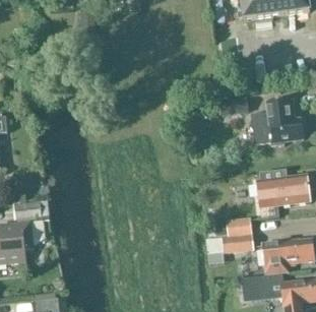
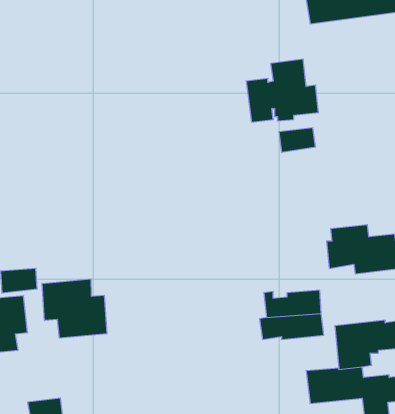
building: [249,100,303,146] -> [246,59,318,122]
building: none -> [42,279,107,338]

